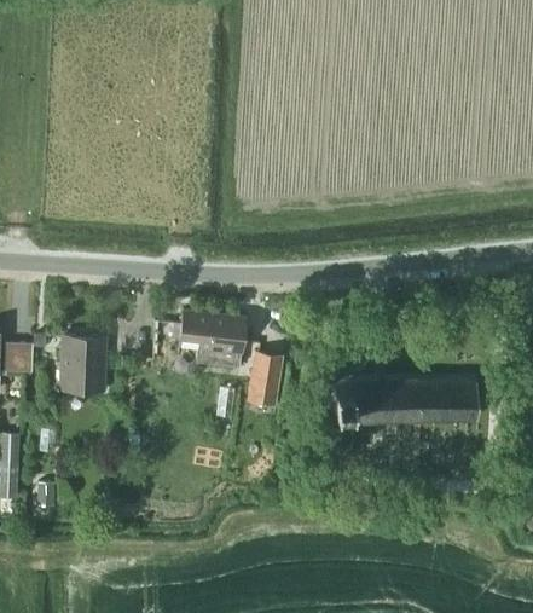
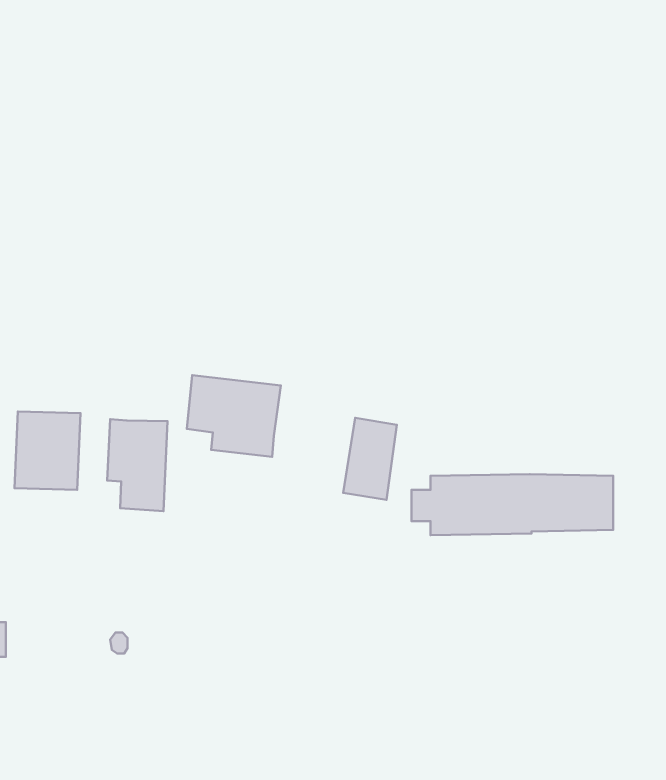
building: none -> [107,419,168,511]
building: [247,351,284,407] -> [343,418,397,500]

